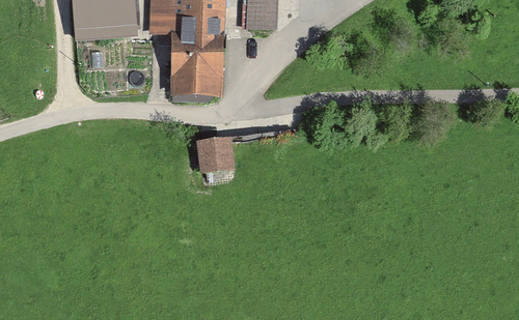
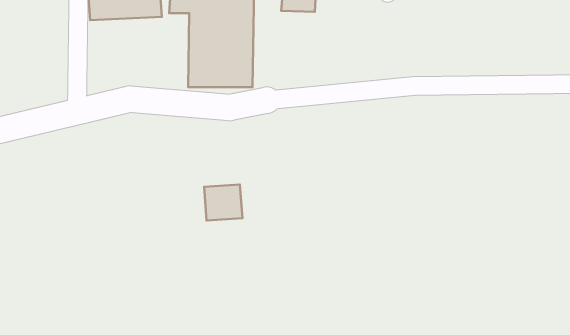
building: [198,142,231,173] -> [204,185,242,220]

